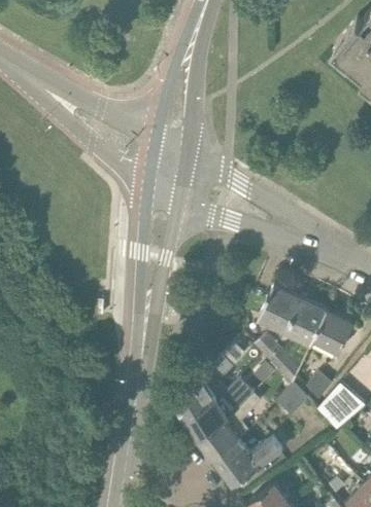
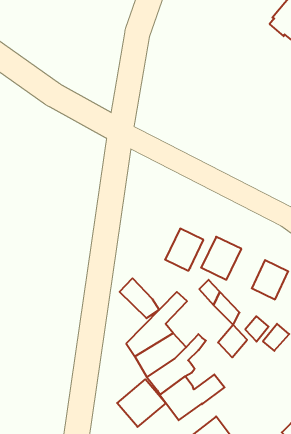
building: [286,299,329,346] -> [165,229,203,271]
building: none -> [120,278,159,318]
building: none -> [117,379,166,427]

